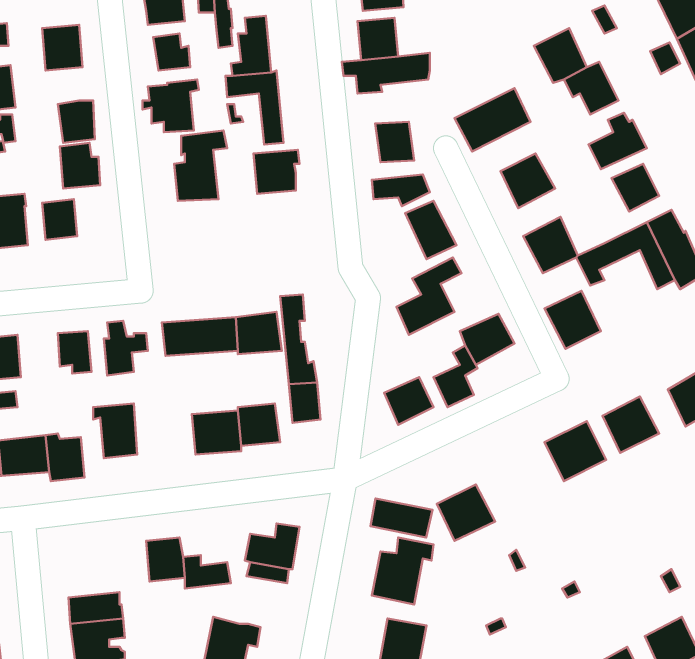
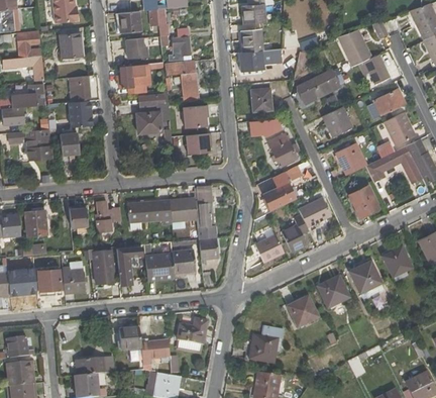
building: none -> [185,132,211,155]
building: none -> [117,246,140,285]
building: none -> [316,276,350,310]
building: [371,498,433,537] -> none

